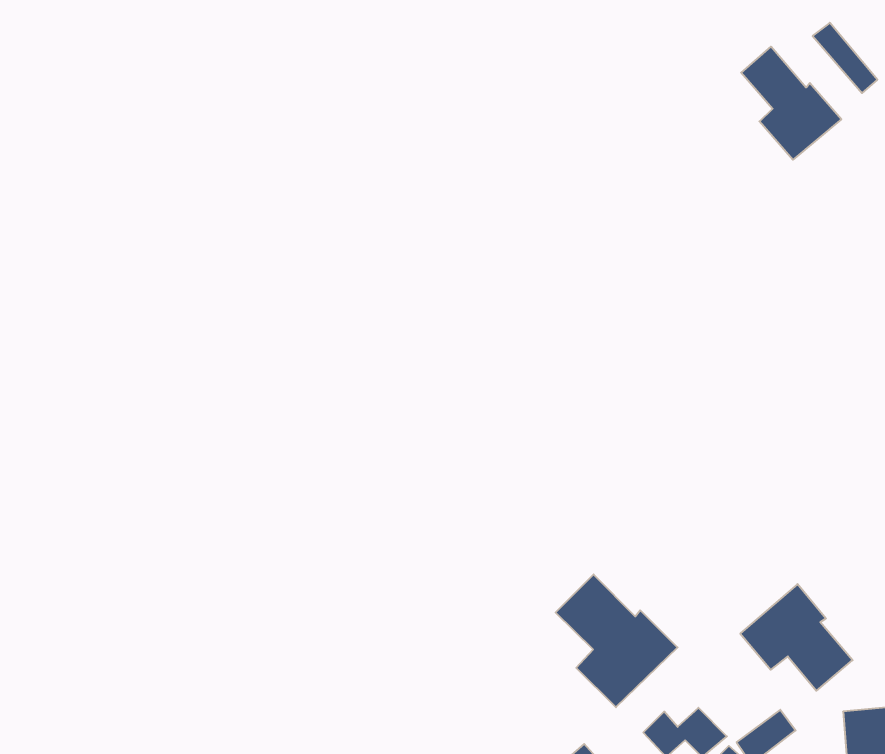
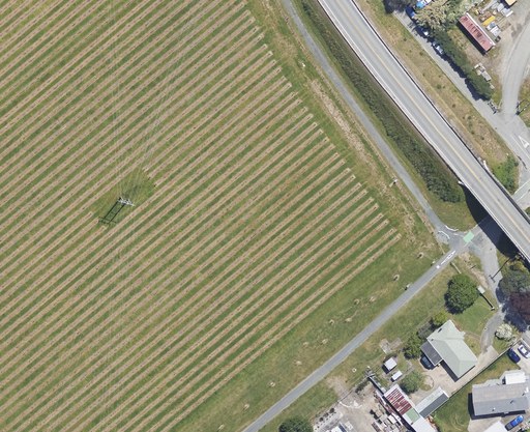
building: [741,47,841,160] -> none
building: [556,574,678,707] -> none

